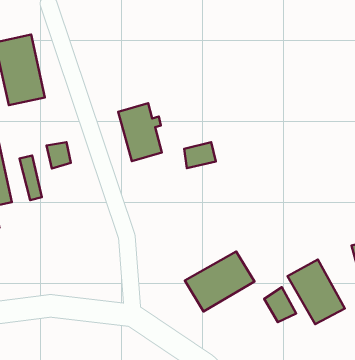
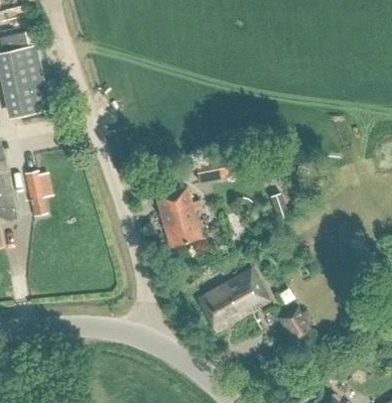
building: [118,103,162,161] -> [157,185,203,246]
building: [46,142,71,168] -> none
building: [288,260,345,324] -> none

